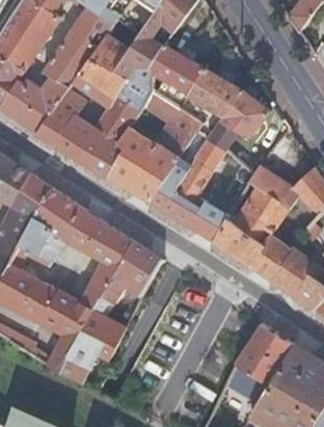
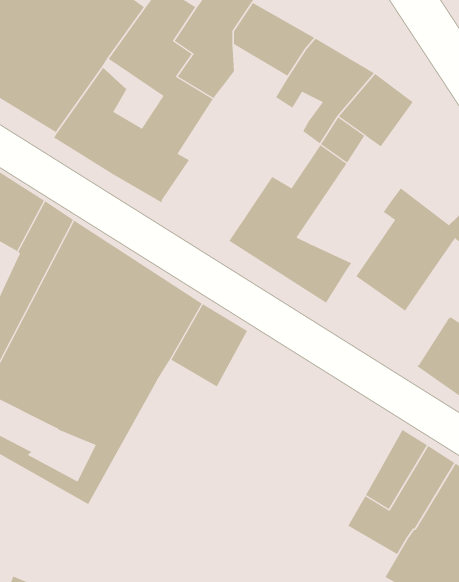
building: [106,90,200,199] -> none
building: [212,218,290,279] -> none
building: [58,290,133,381] -> none

